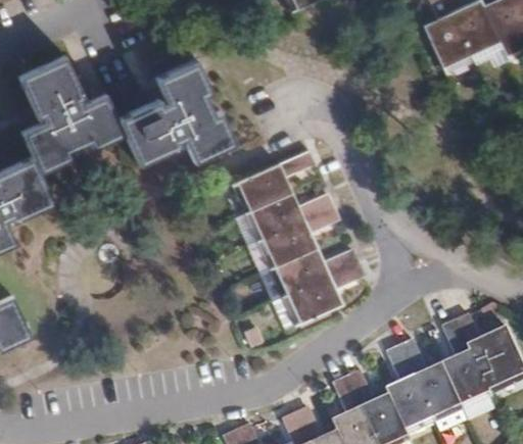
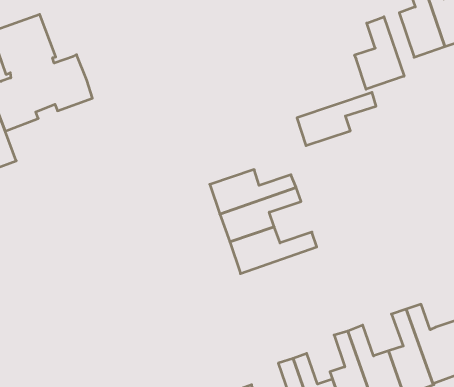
building: none -> [355,17,404,89]
building: [117,58,235,164] -> none
building: [237,152,315,210] -> [297,92,376,146]
building: [286,263,366,323] -> none

